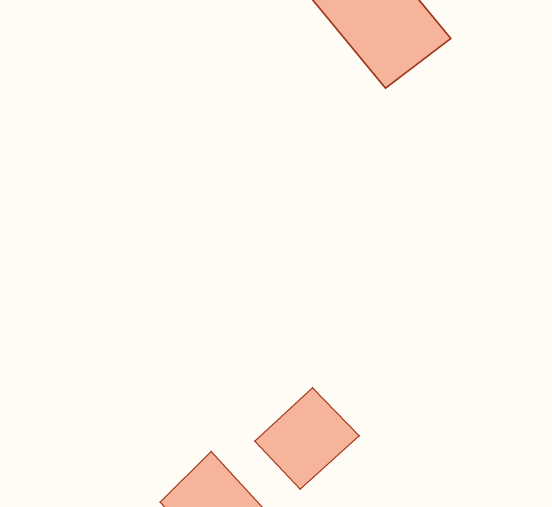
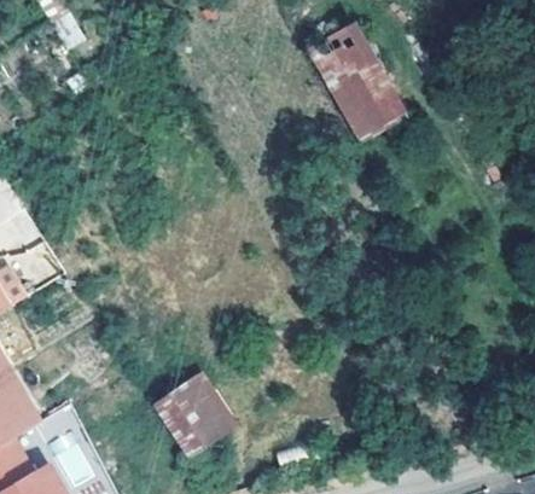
building: [255,388,359,489] -> none

